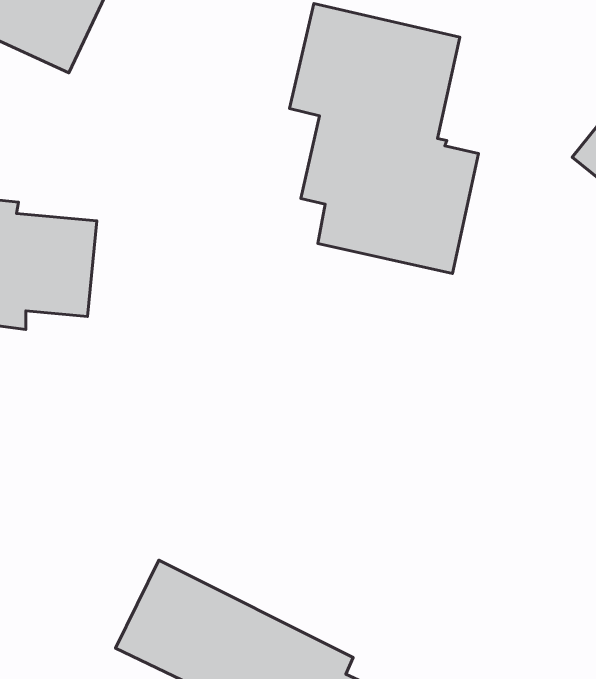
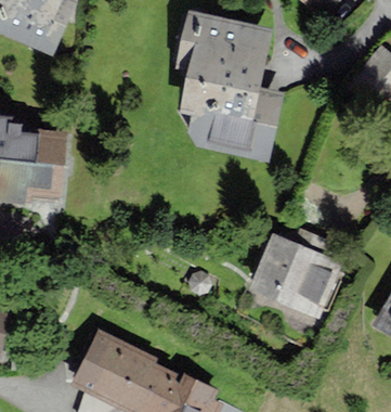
building: none -> [247,235,335,319]

